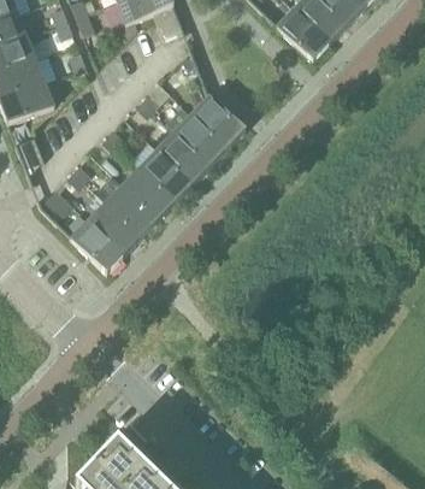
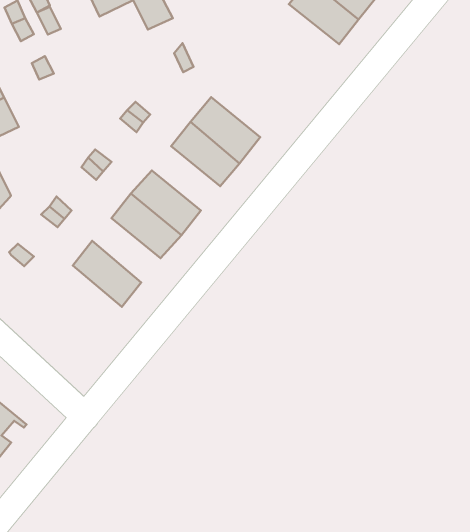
building: [157,128,209,181] -> none
building: [105,181,158,234] -> none
building: [70,216,124,269] -> none

